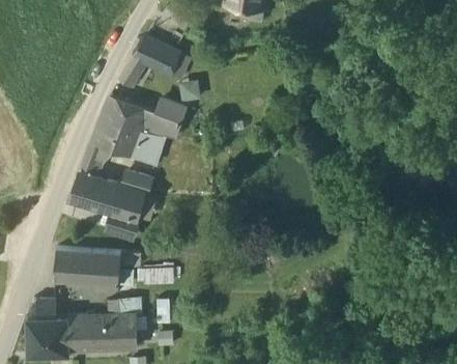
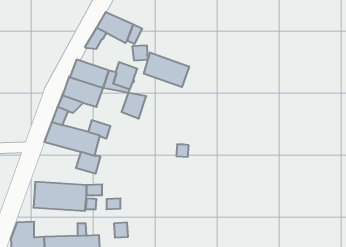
building: none -> [144,52,189,87]
building: [135,132,166,164] -> [121,93,146,119]

